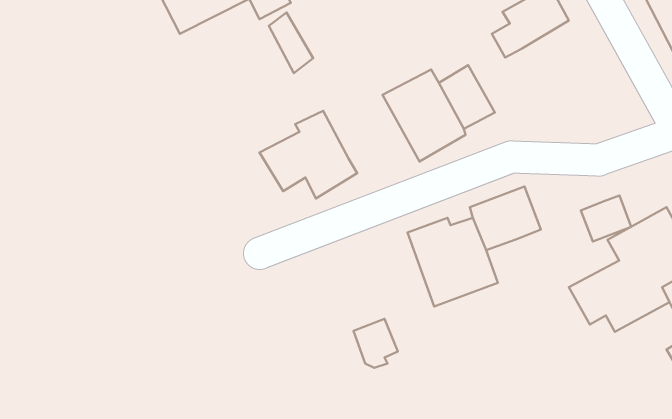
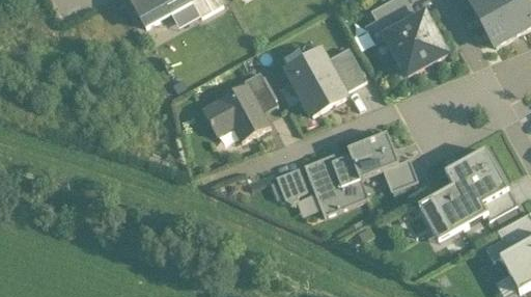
building: [269,12,313,73] -> [245,70,276,112]
building: none -> [384,12,446,75]
building: [581,196,631,242] -> [382,158,417,190]
building: [353,319,398,368] -> [275,167,306,201]

